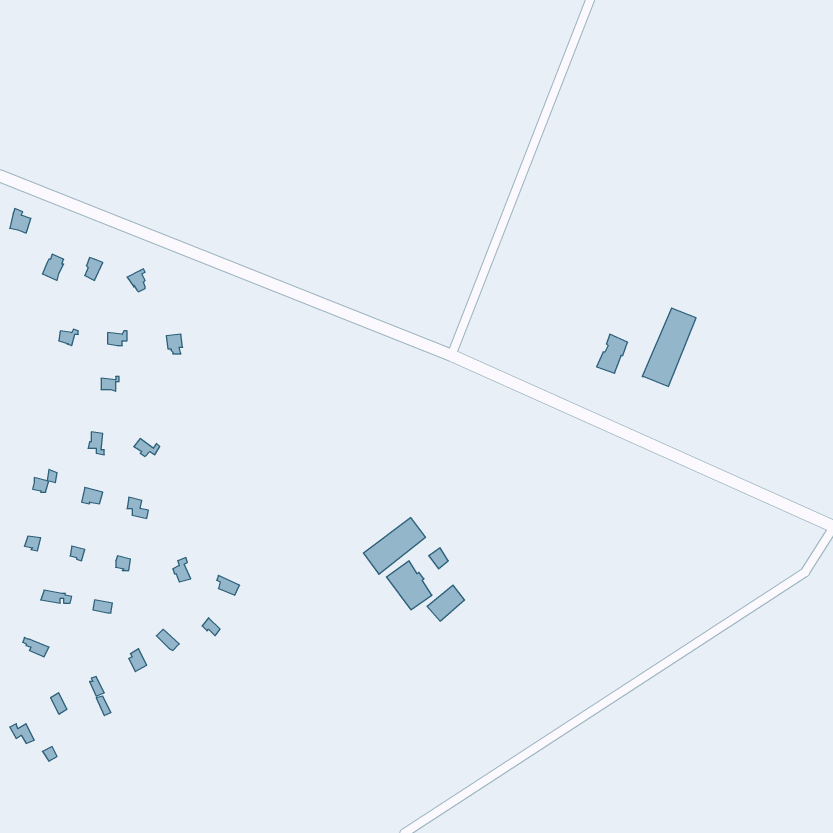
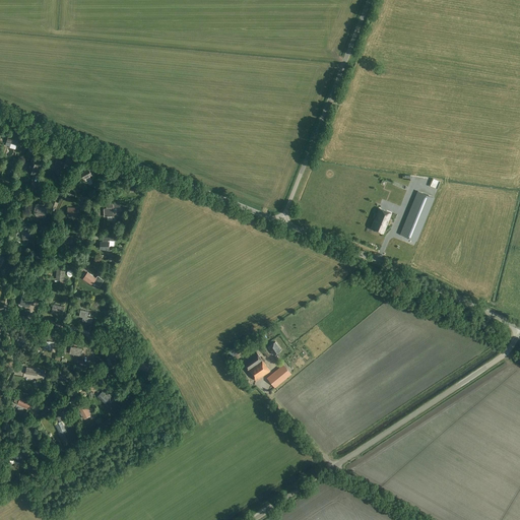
building: [363,518,425,574] -> none

